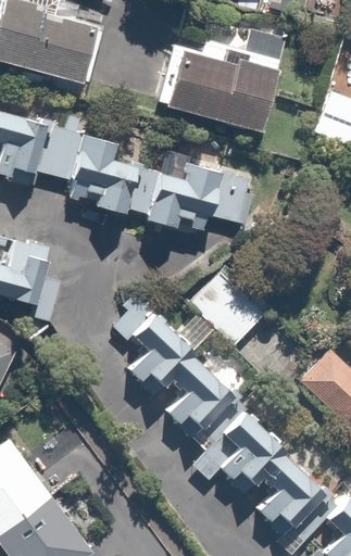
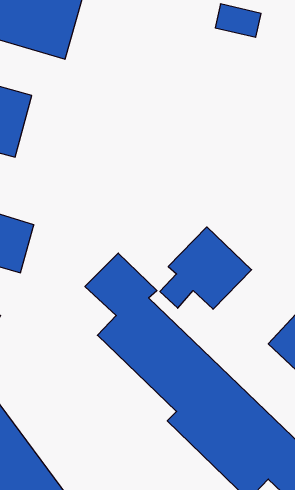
building: [171,48,279,129] -> none
building: [63,124,265,235] -> none

